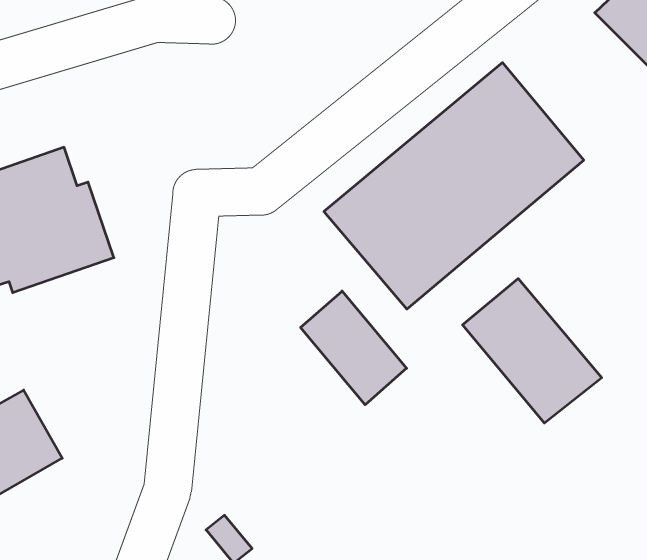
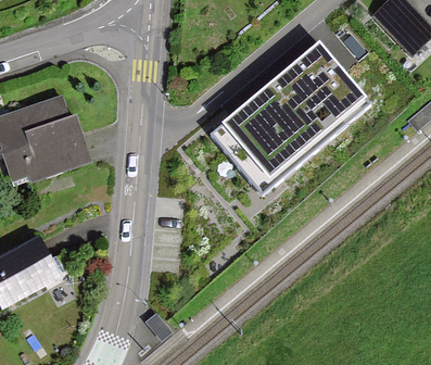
building: [463,279,602,423] -> none
building: [301,291,407,405] -> none

